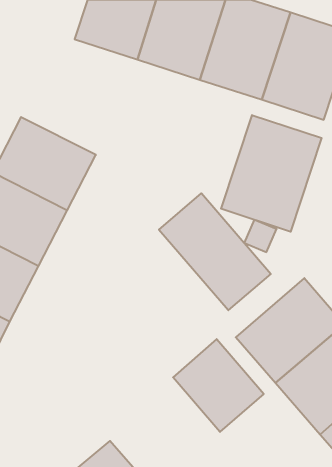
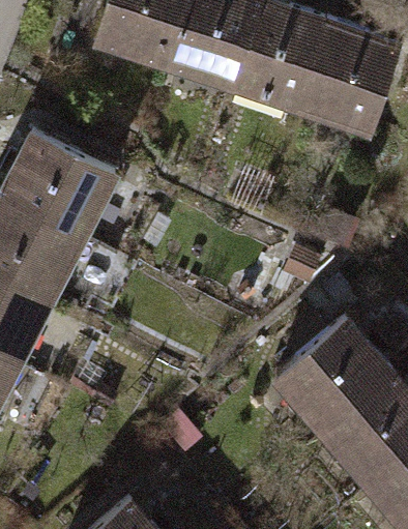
building: [221,115,322,232] -> none
building: [159,193,271,310] -> none
building: [173,339,264,432] -> none

